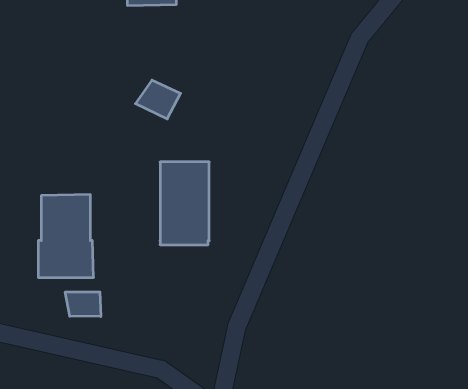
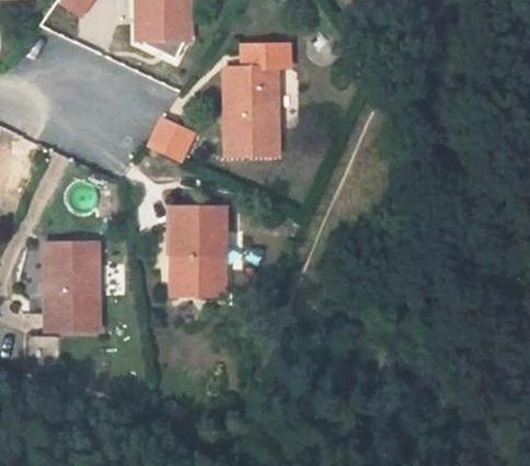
building: none -> [223,44,288,156]
building: [65,292,101,317] -> none

